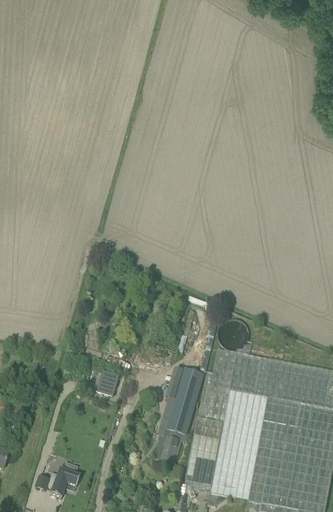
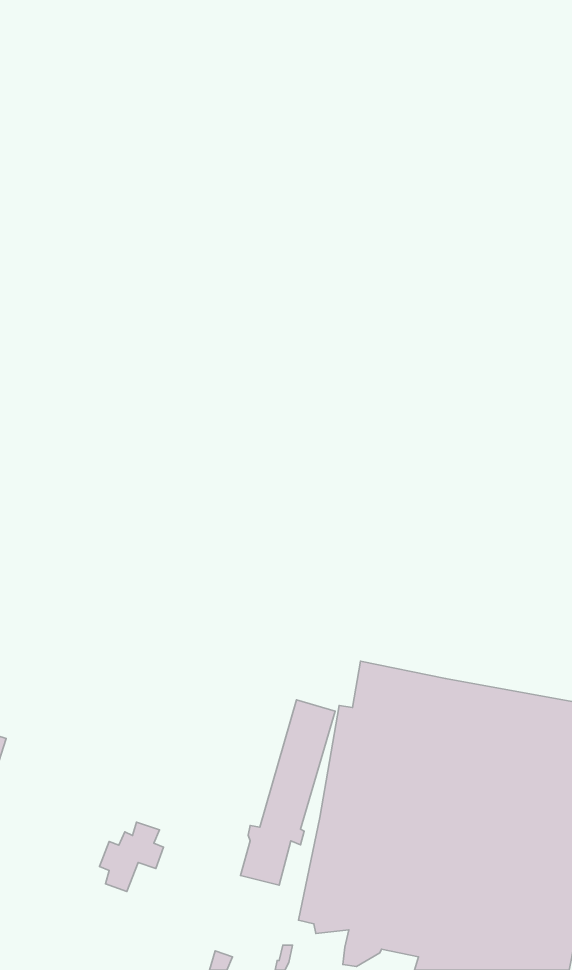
building: [95,371,118,396] -> none
building: [45,463,78,499] -> [100,822,163,892]

